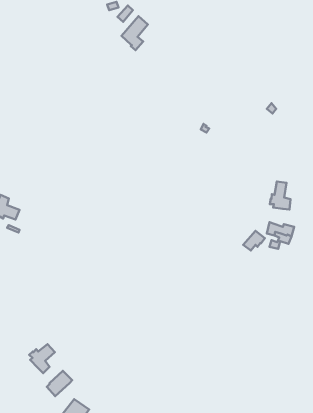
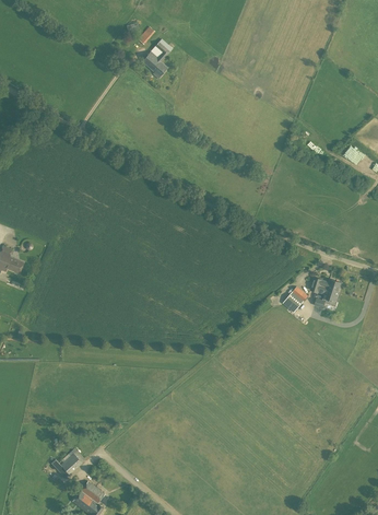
building: [270,182,291,209] -> none
building: [29,344,55,373] -> none

